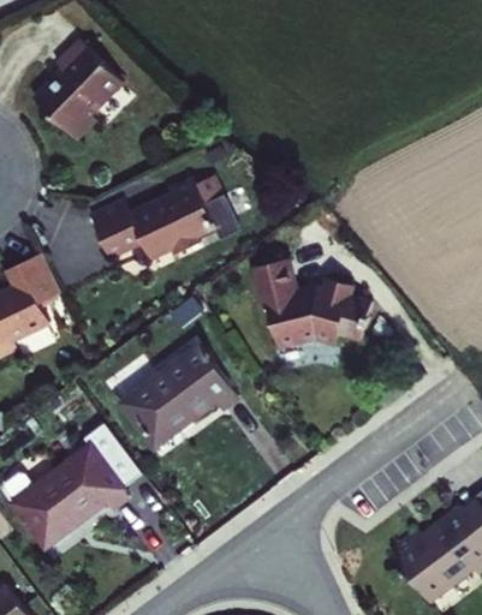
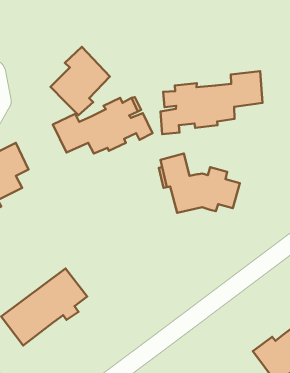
building: [32,37,121,139] -> [50,47,110,115]
building: none -> [161,71,262,134]
building: [123,346,237,446] -> none

